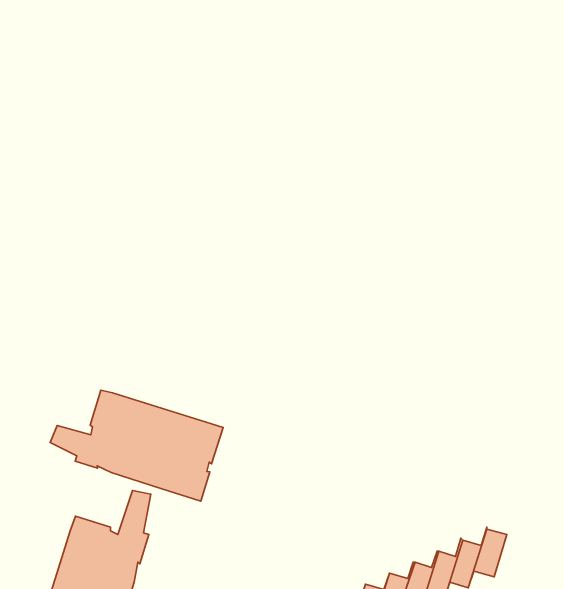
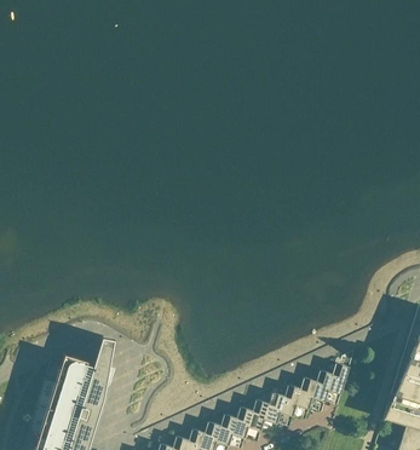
building: [50,390,223,501] -> none

